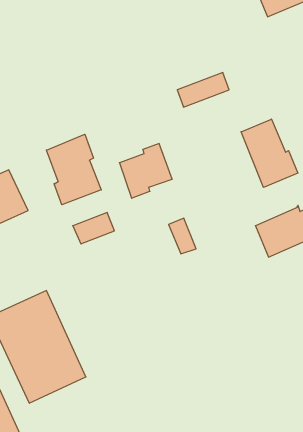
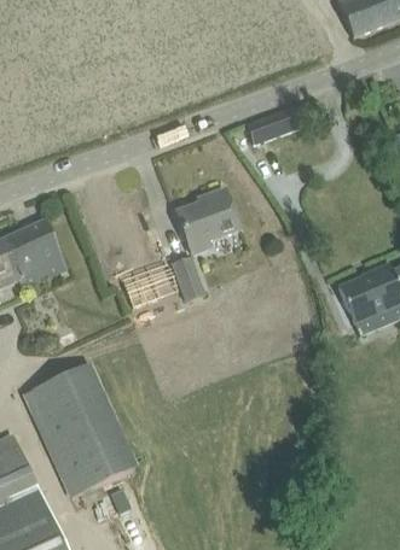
building: [241,119,298,187] -> none
building: [46,134,101,205] -> none
building: [169,218,196,254] -> [173,258,205,300]

